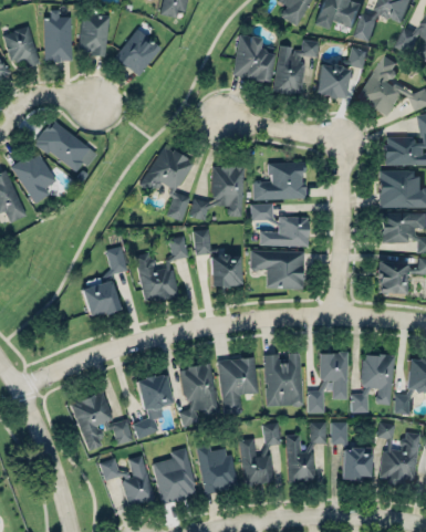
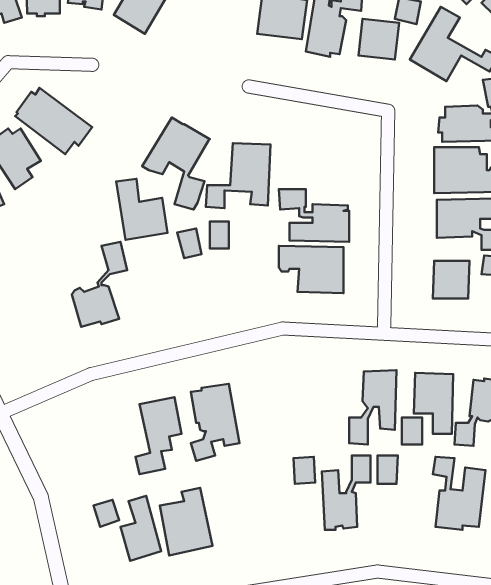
building: [253,161,305,200] -> none
building: [136,252,178,302] -> [116,179,168,240]
building: [210,254,241,286] -> none
building: [264,353,303,407] -> none
building: [217,356,259,415] -> none
building: [71,390,133,450] -> none
building: [239,438,276,486] -> none
building: [197,444,237,492] -> none
building: [342,447,372,480] -> none

